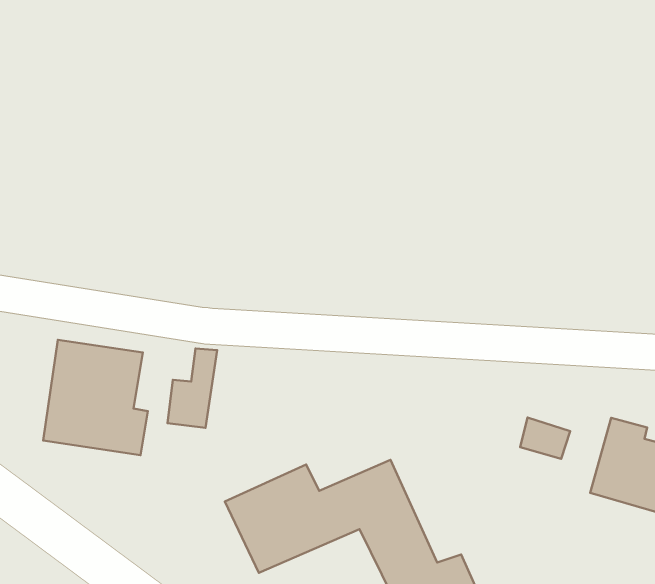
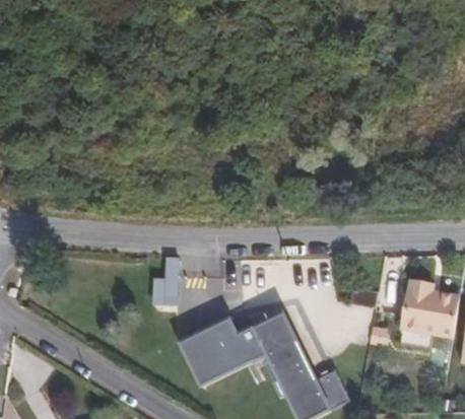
building: [43,340,148,455] -> none

